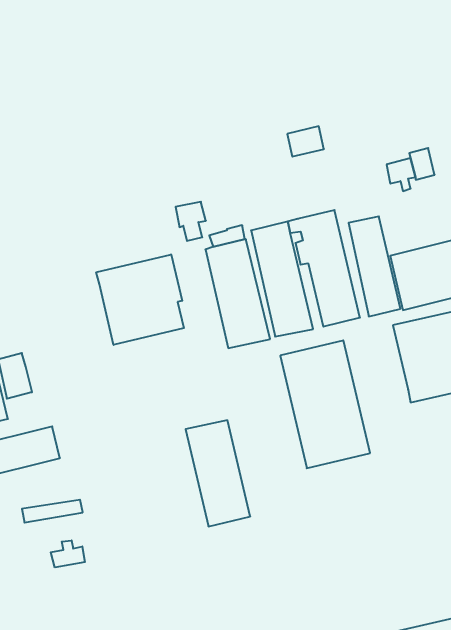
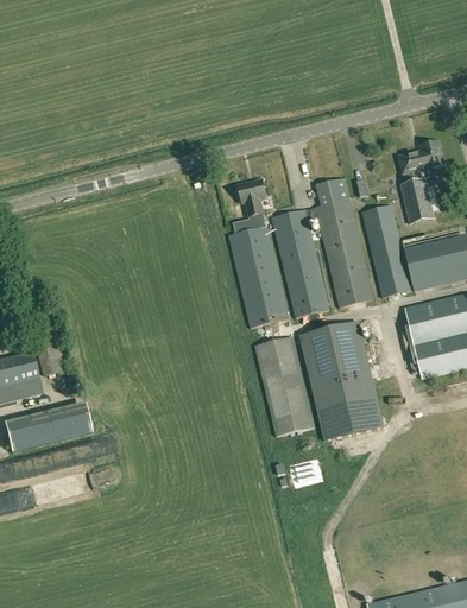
building: [287,126,324,157] -> [315,177,349,205]
building: none -> [399,178,434,223]
building: [176,202,206,241] -> [238,179,266,216]
building: [96,254,184,345] -> none
building: [186,420,250,526] -> [253,337,314,437]
building: [51,540,85,567] -> none

